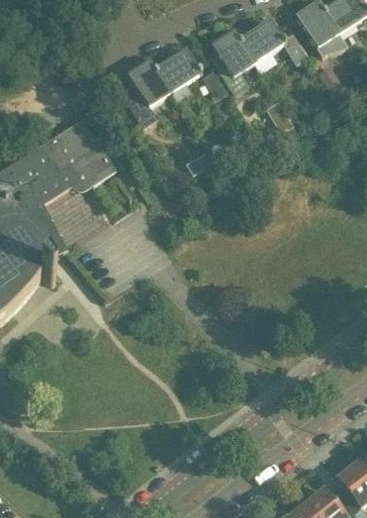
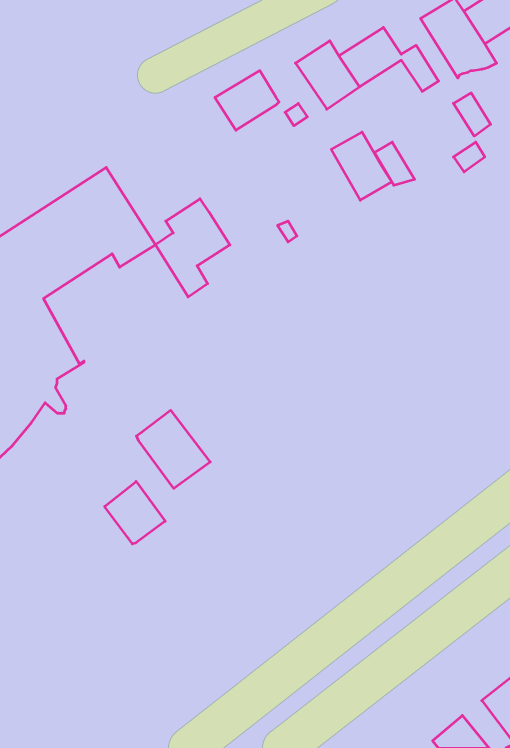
building: [120,59,171,125] -> [155,199,230,297]
building: none -> [331,132,392,200]
building: none -> [136,410,210,488]
building: none -> [105,481,165,544]

